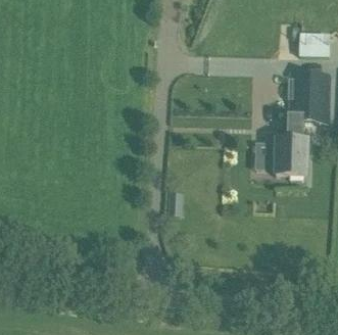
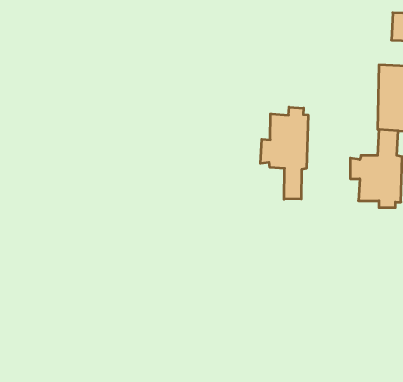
building: none -> [260,107,308,199]

